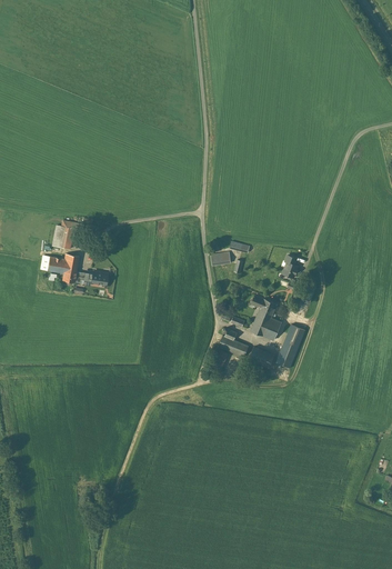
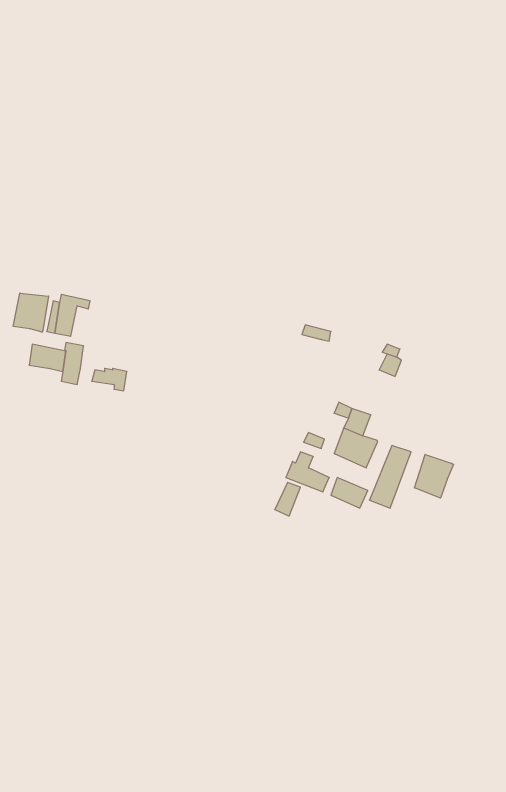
building: none -> [13,293,49,332]
building: none -> [414,454,453,498]

